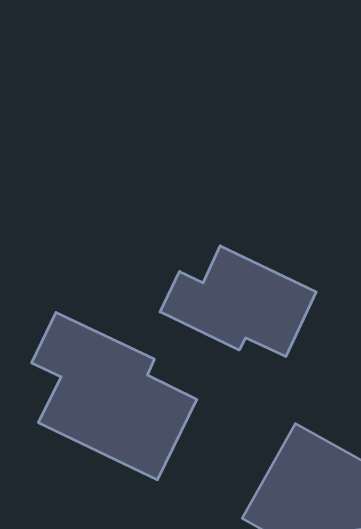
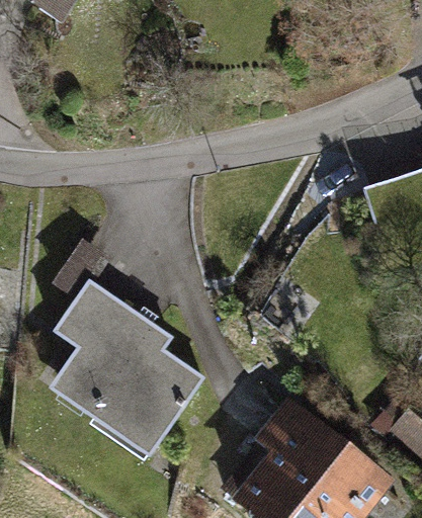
building: [160,246,316,357] -> none

